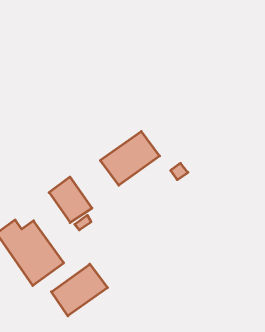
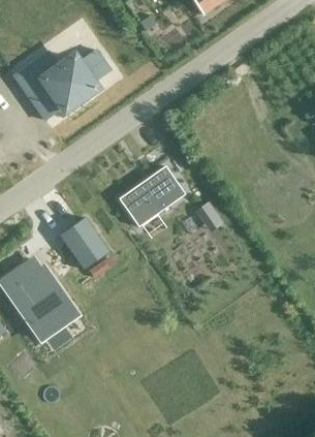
building: none -> [15,49,111,119]
building: [51,264,108,316] -> none

